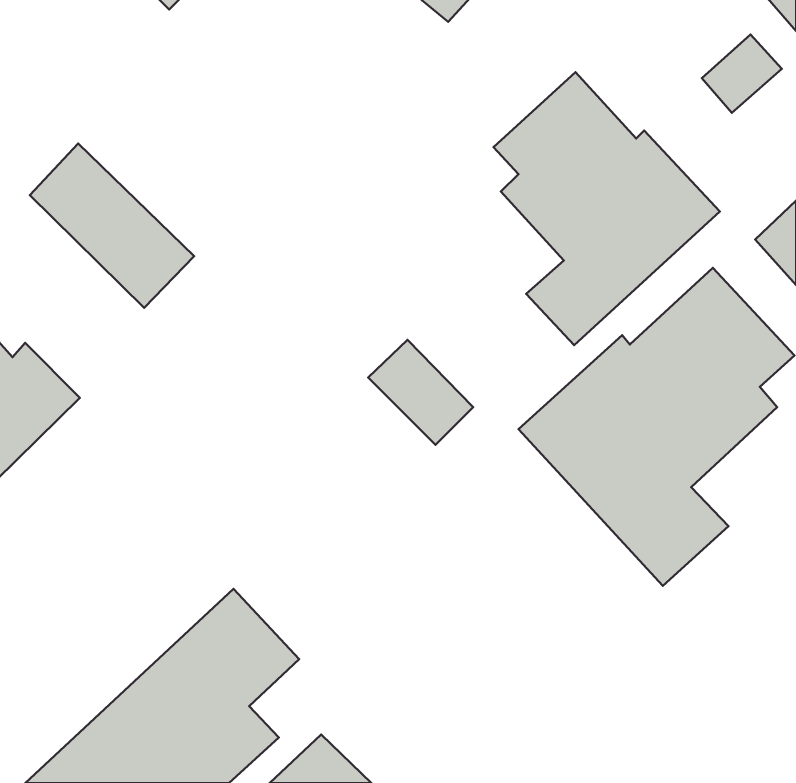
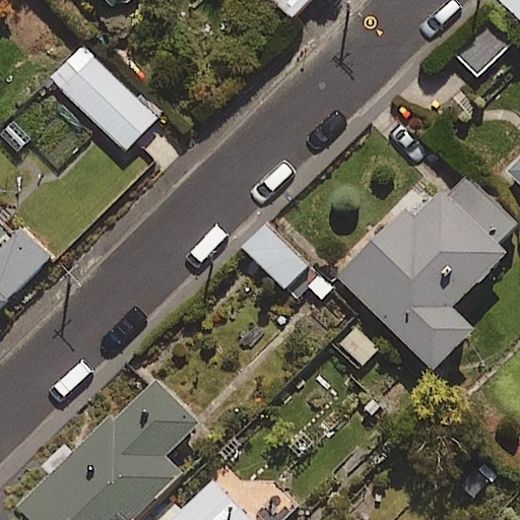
building: [493,72,720,345] -> none
building: [30,143,194,308] -> [49,42,155,148]

